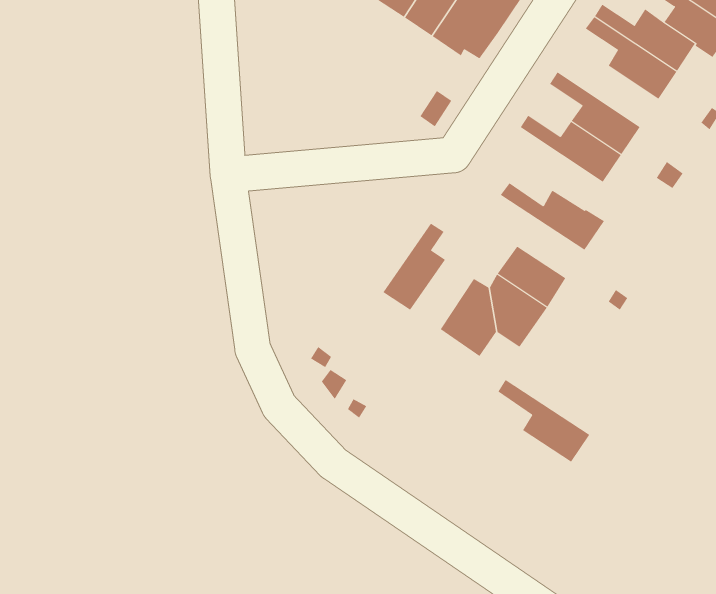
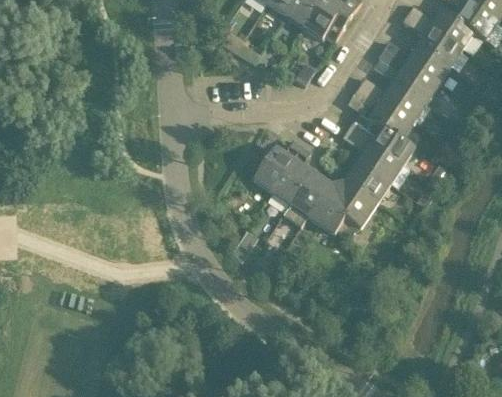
building: none -> [384,41,450,85]
building: none -> [354,85,414,139]
building: none -> [253,141,302,192]
building: none -> [283,171,330,225]
building: [497,379,590,463] -> [342,129,402,183]

